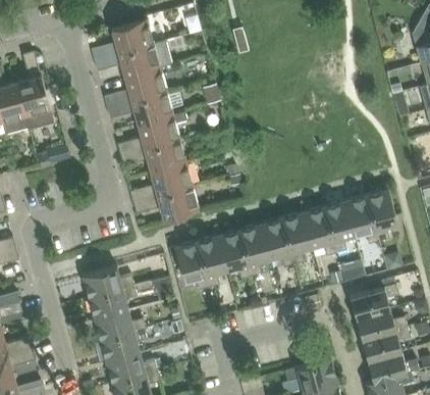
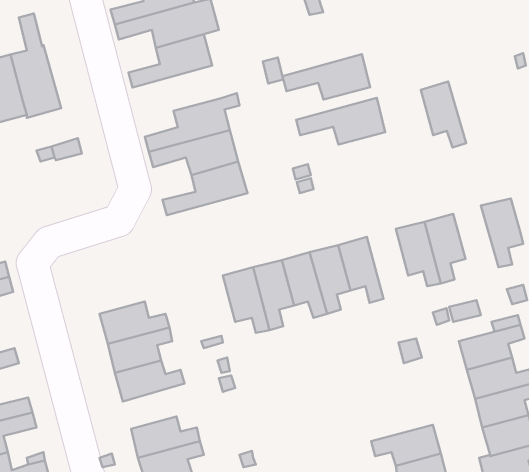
building: [107,91,172,125] -> [282,54,370,99]
building: [132,186,199,220] -> [296,98,385,145]
building: [345,195,379,244] -> [421,82,466,147]
building: [281,212,312,264] -> none
building: [100,328,149,361] -> none

